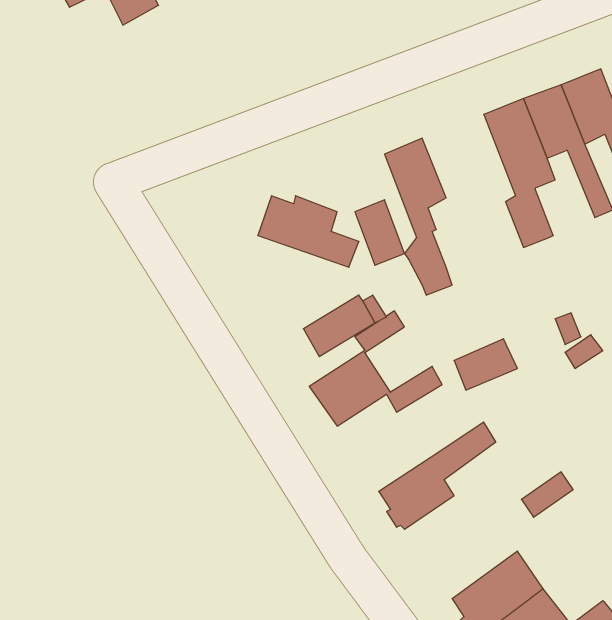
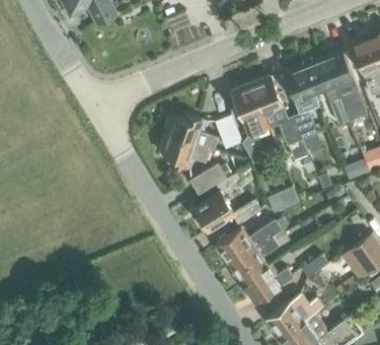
building: none -> [251,76,309,161]
building: none -> [161,134,211,168]
building: none -> [216,217,289,265]
building: none -> [241,267,294,303]

